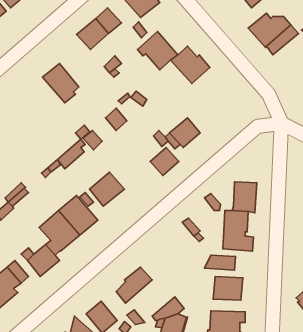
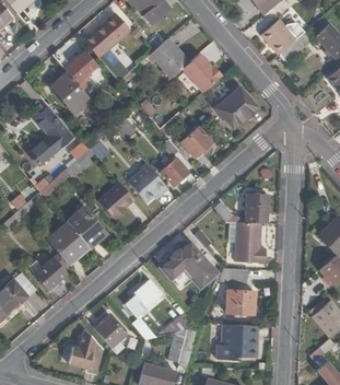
building: none -> [51,49,96,83]
building: none -> [215,88,256,128]
building: none -> [26,109,72,165]
building: none -> [128,164,167,201]
building: none -> [161,243,210,280]

